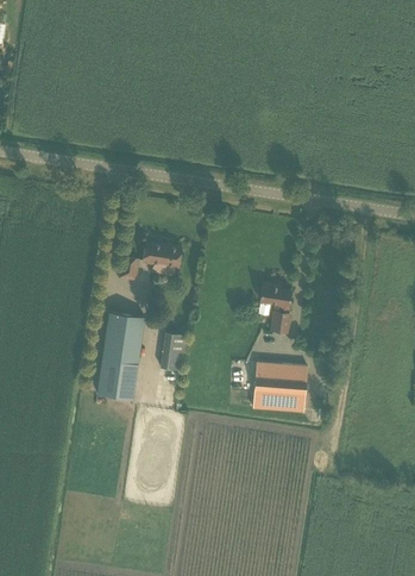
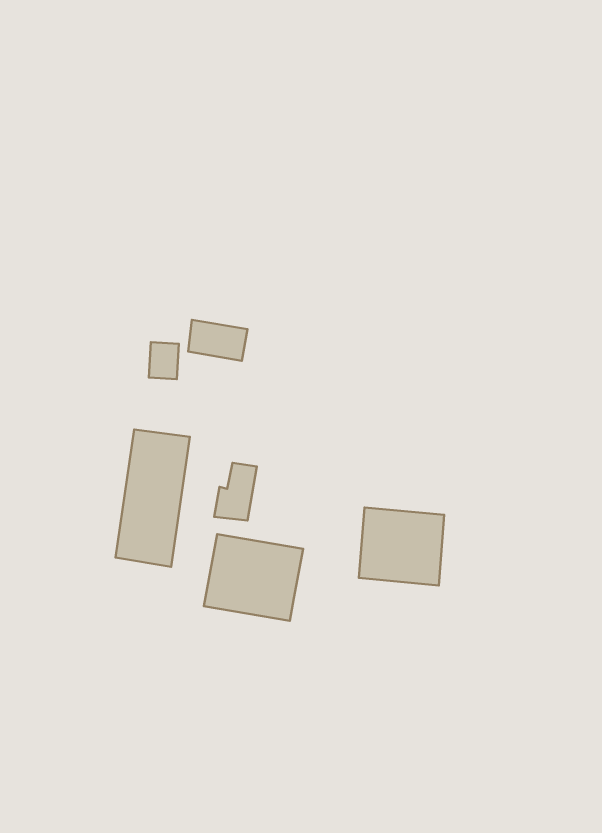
building: [262,281,291,332] -> none
building: none -> [204,534,303,621]

